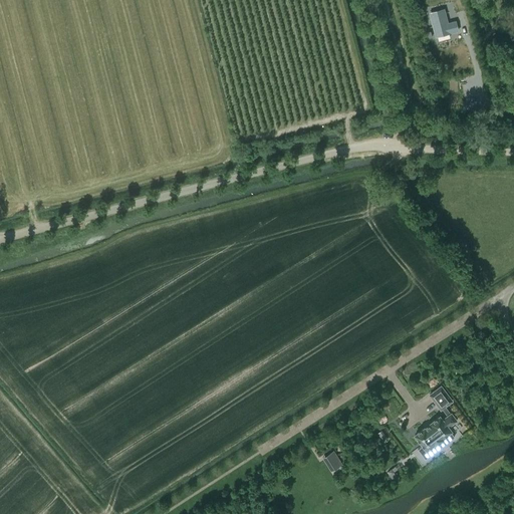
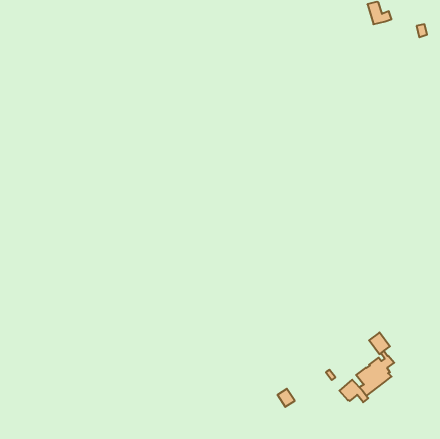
building: none -> [339,380,368,402]

